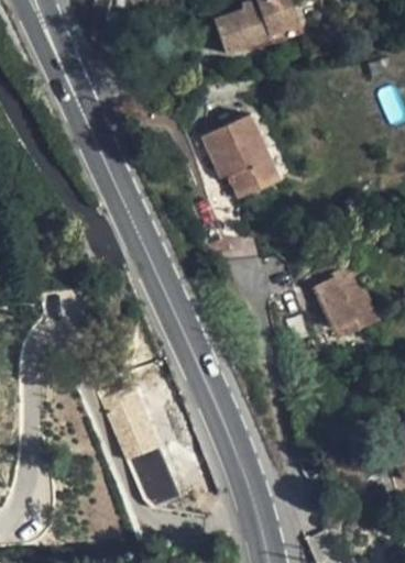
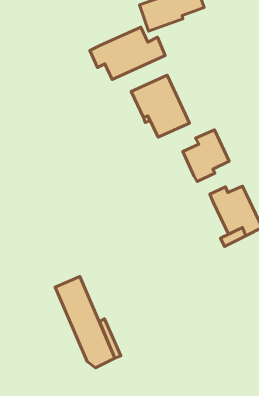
building: none -> [90,27,165,80]
building: none -> [183,130,229,181]

